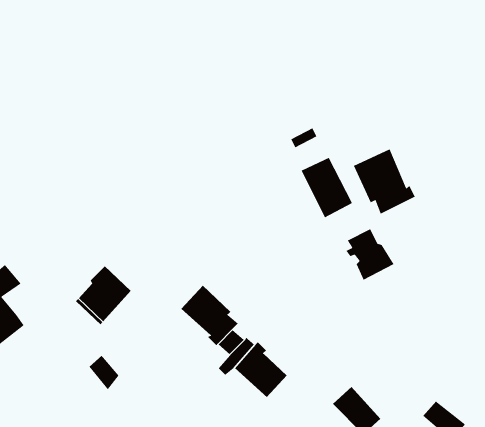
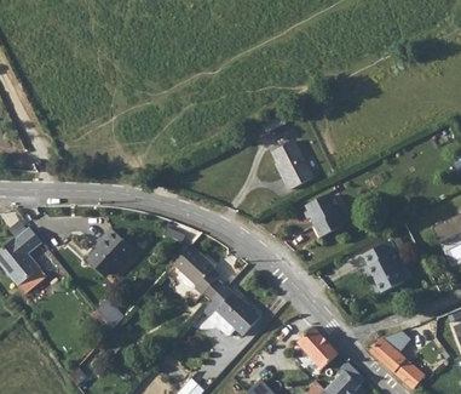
building: [353,148,416,215] -> none
building: none -> [362,240,403,292]

